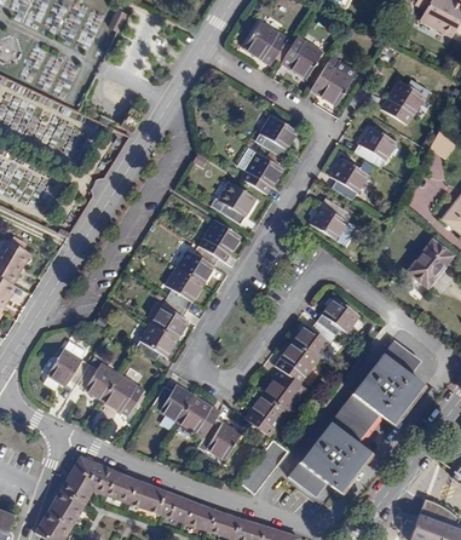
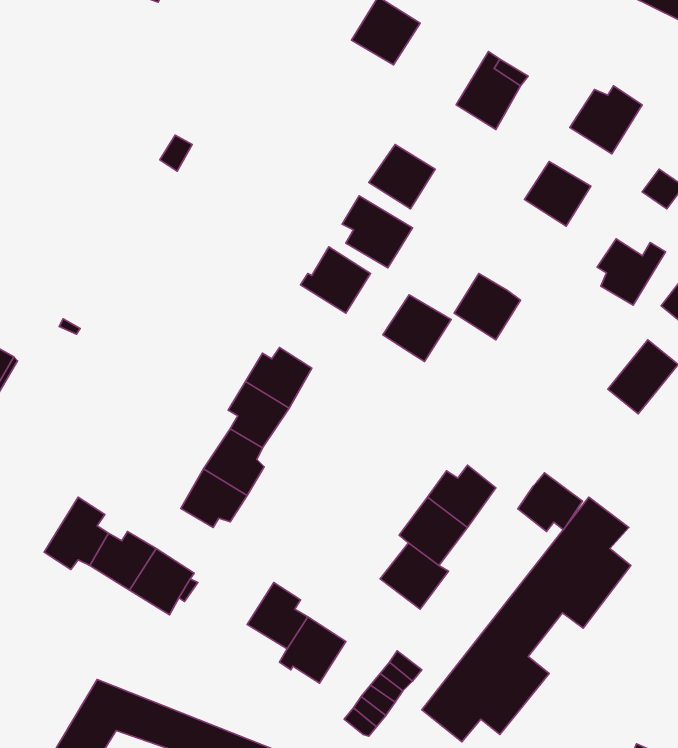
building: [281,35,322,77] -> none
building: [329,157,373,200] -> [597,239,665,305]
building: [197,219,241,262] -> [383,295,451,361]
building: [317,297,358,334] -> [518,473,582,532]
building: [151,384,194,421] -> none
building: [244,392,287,436] -> none

